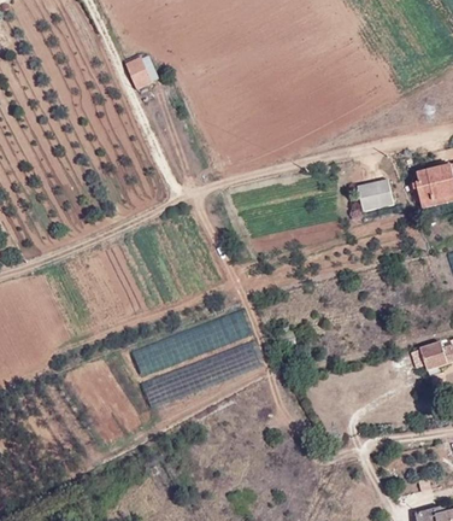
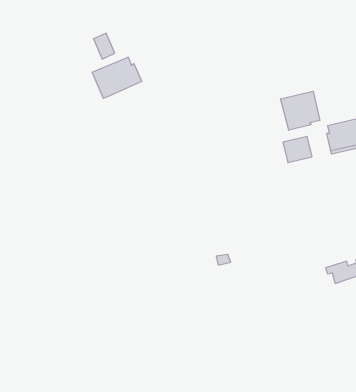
building: none -> [92,57,142,98]
building: none -> [281,91,320,130]

